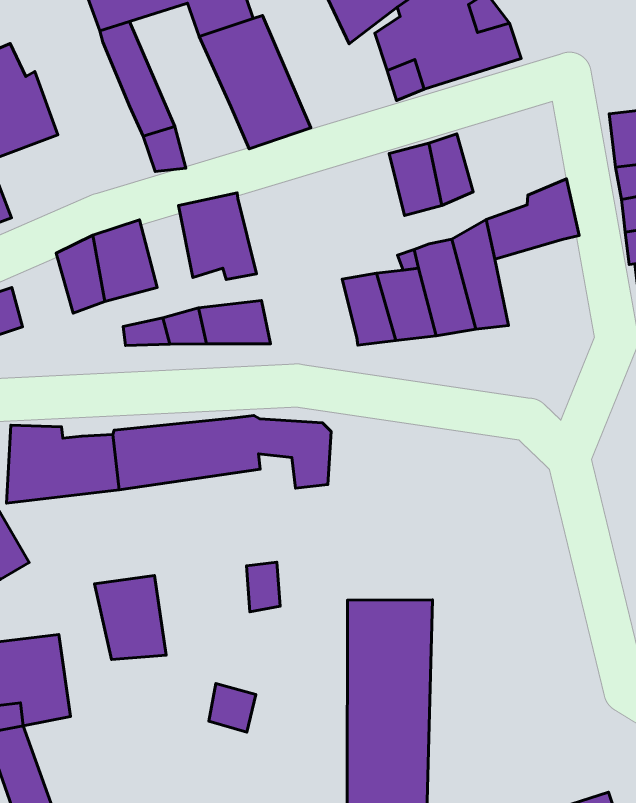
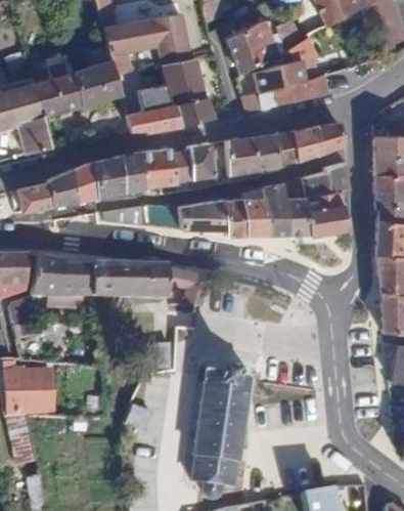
building: none -> [74,59,122,105]
building: none -> [144,101,182,131]
building: none -> [293,123,344,162]
building: none -> [226,136,261,183]
building: none -> [173,142,214,191]
building: none -> [120,151,144,193]
building: none -> [305,193,348,235]
building: none -> [48,168,79,205]
building: none -> [179,200,227,231]
building: [95,575,166,660] -> none

